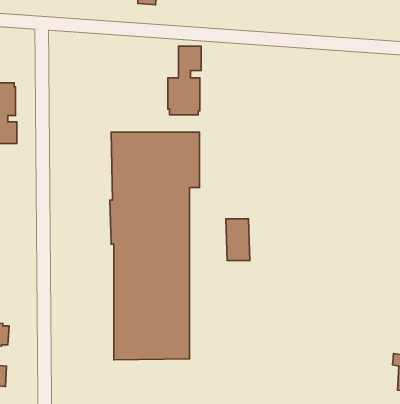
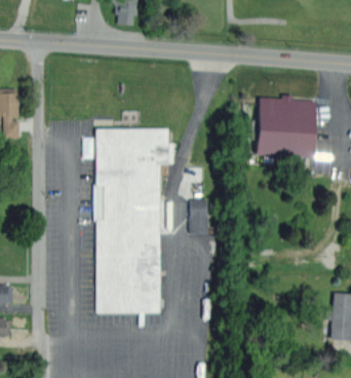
building: [168,46,201,115] -> none
building: none -> [256,96,313,158]

